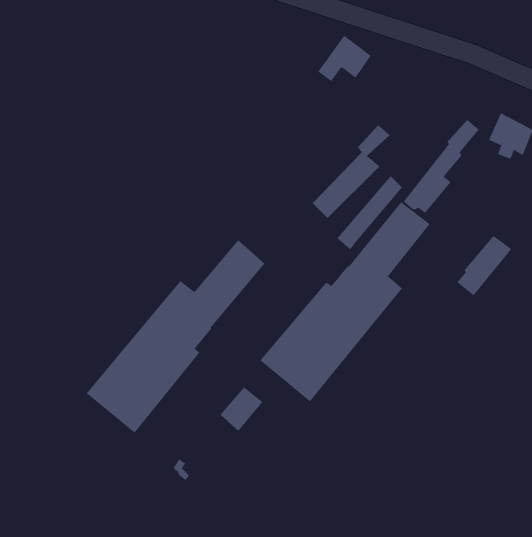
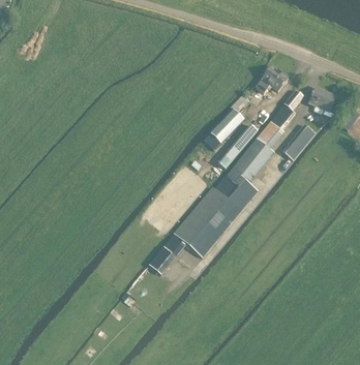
building: [317,35,372,82] -> [254,65,287,93]
building: [456,235,512,296] -> [281,124,314,160]
building: [86,240,265,434] -> none

